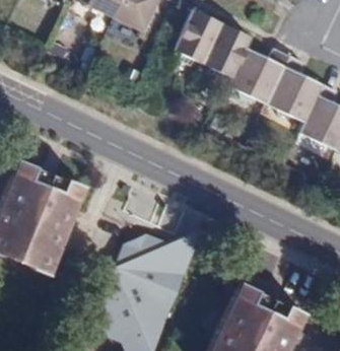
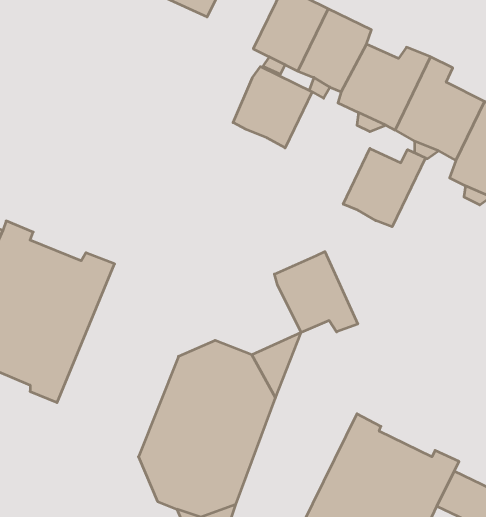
building: none -> [233,67,312,148]
building: none -> [343,148,426,227]
building: none -> [274,252,358,332]

